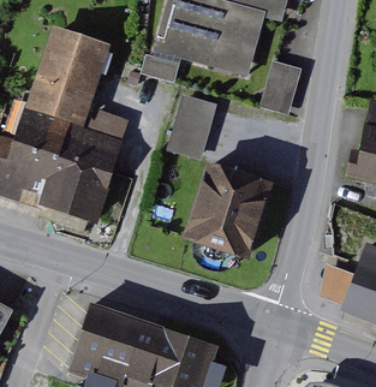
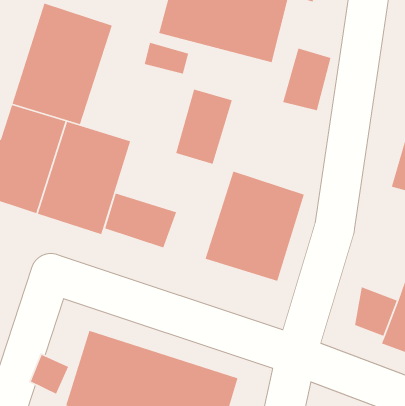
building: none -> [104,192,177,249]

